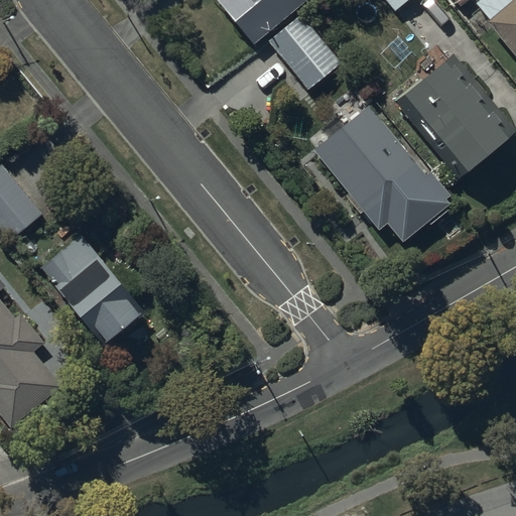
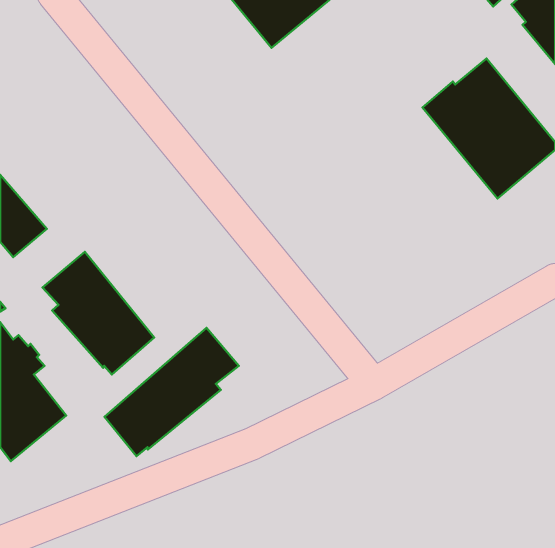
building: [266,13,341,89] -> none
building: [313,95,449,231] -> none
building: none -> [104,328,239,456]

